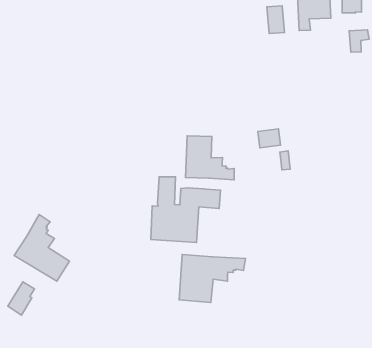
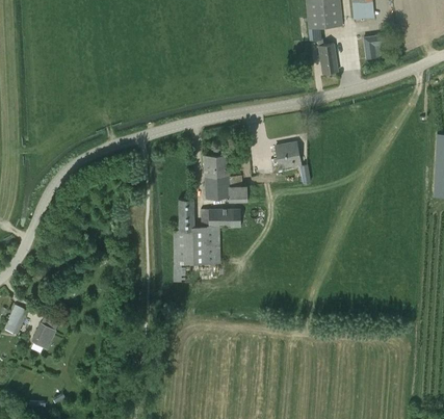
building: [267,6,284,33] -> [318,44,338,73]
building: [14,214,70,281] -> none
building: [179,254,245,303] -> none

